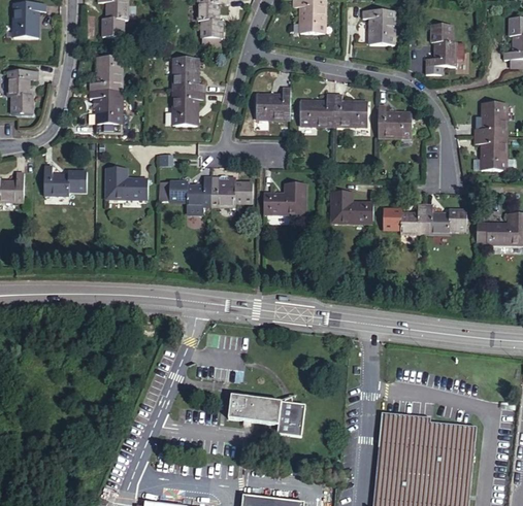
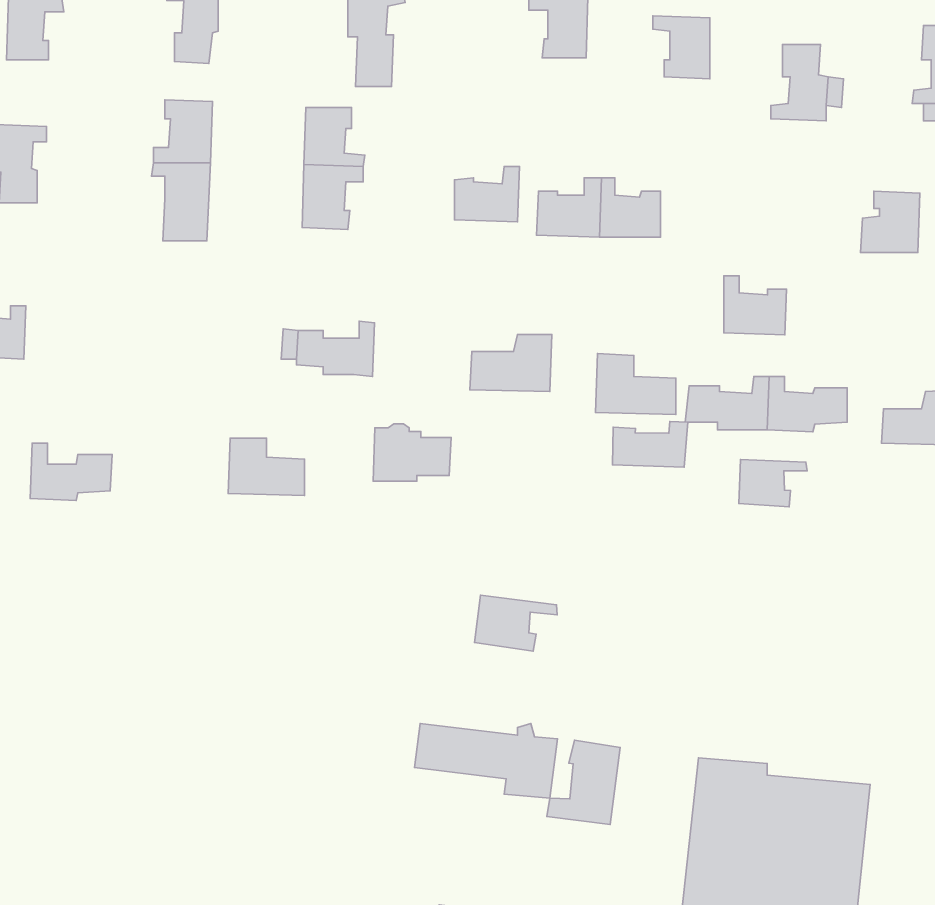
building: [377,109,411,141] -> [724,276,787,335]
building: [472,138,504,172] -> none
building: [105,168,146,199] -> [228,438,304,495]
building: [41,170,86,201] -> [30,443,112,500]
building: [209,174,252,205] -> [373,424,451,481]
building: none -> [613,421,688,467]
building: none -> [739,459,807,507]
building: none -> [475,595,557,651]
building: none -> [547,740,620,824]

